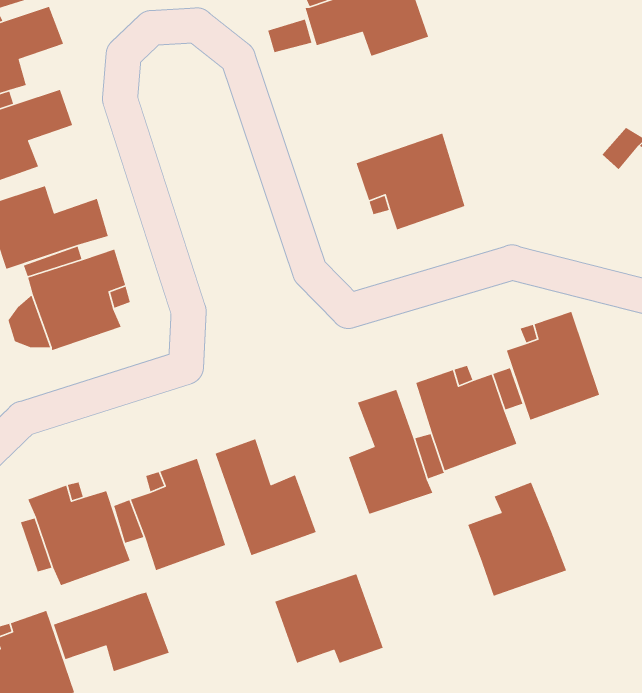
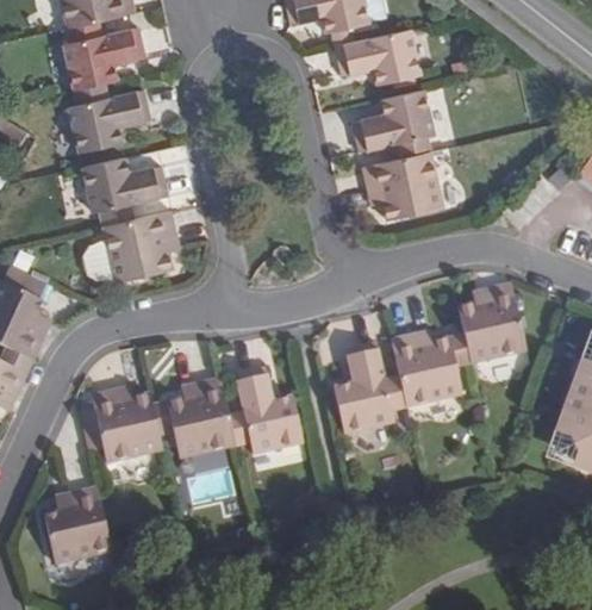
building: none -> [350,86,437,156]
building: [467,482,567,597] -> none
building: [274,573,384,664] -> none
building: [53,592,170,672] -> none

